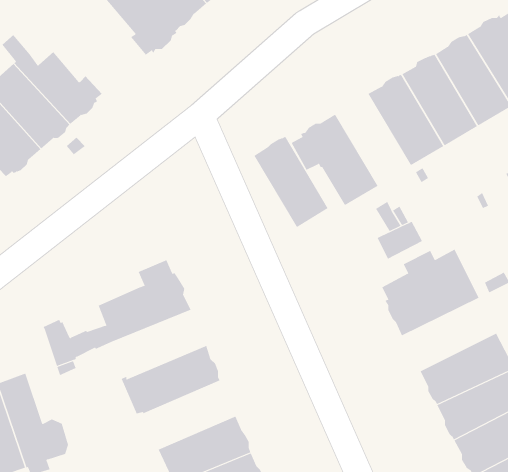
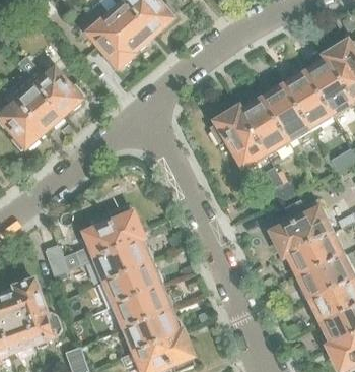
building: [254,136,329,228] -> [239,96,289,157]
building: none -> [283,231,346,280]
building: none -> [91,239,154,285]
building: none -> [89,286,173,335]

